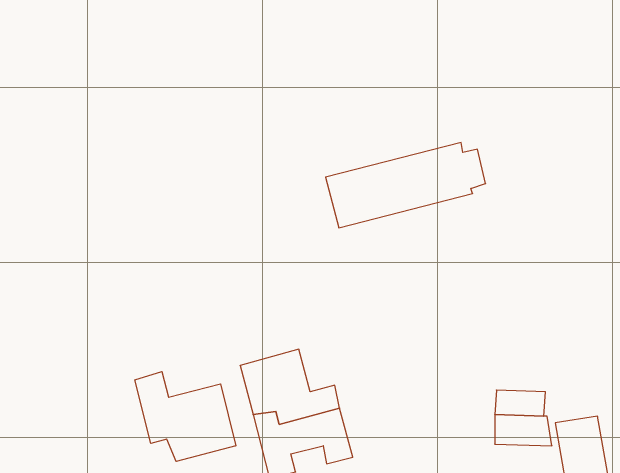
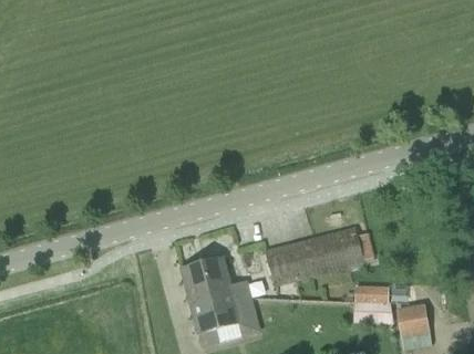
building: [326,143,486,228] -> [265,227,373,284]
building: [135,372,236,461] -> none

